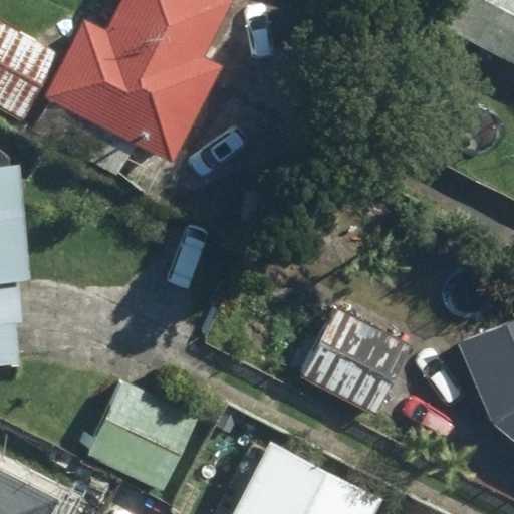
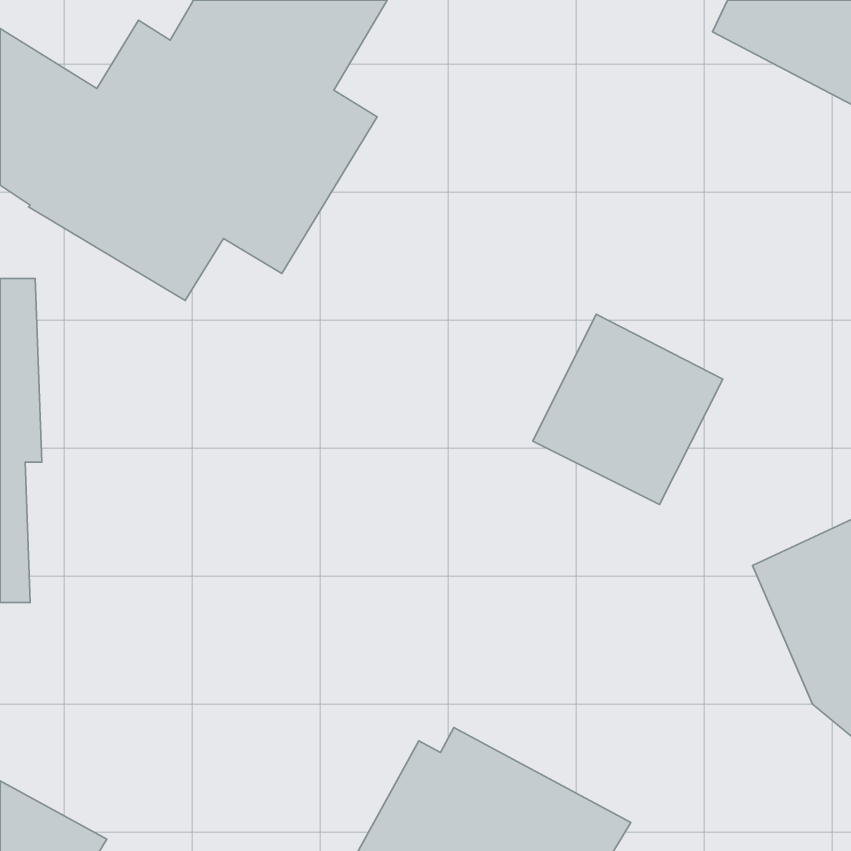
building: [298,301,413,416] -> [533,314,723,504]
building: [84,376,200,492] -> none

